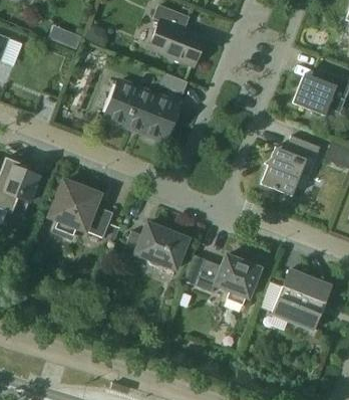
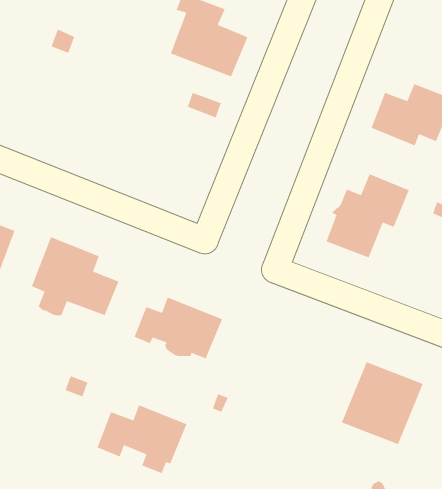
building: [105,80,180,141] -> none
building: [196,254,261,305] -> [96,404,188,474]

